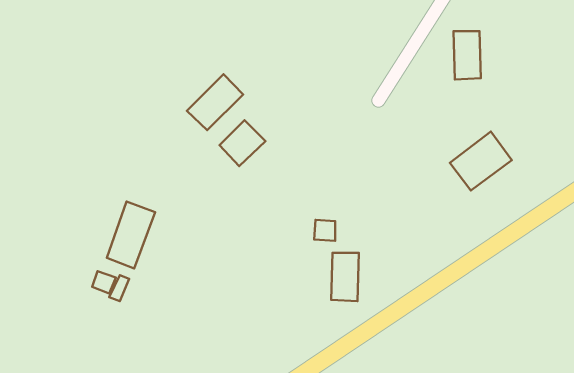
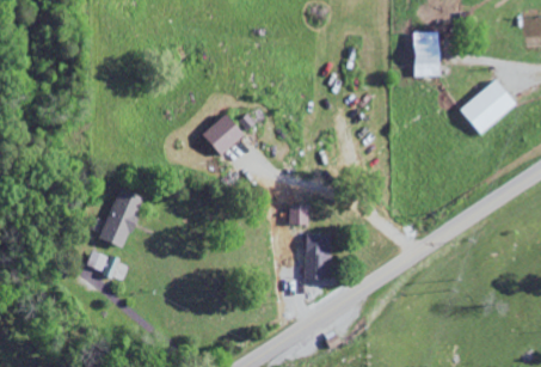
building: [187,74,243,130] -> none
building: [450,131,512,190] -> [461,79,517,133]

